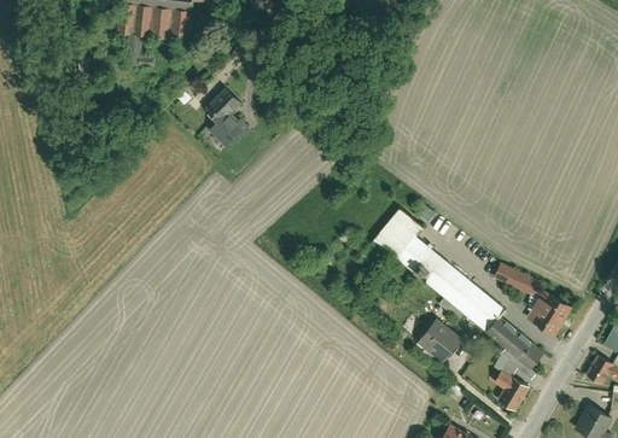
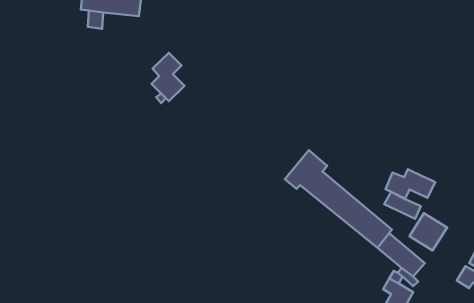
building: none -> [385,169,435,198]
building: [416,317,464,363] -> none

